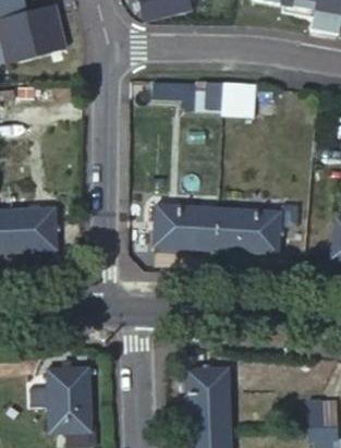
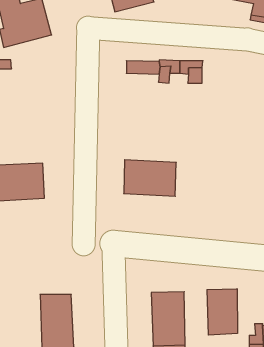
building: [217,205,280,249] -> none
building: none -> [207,289,237,335]

